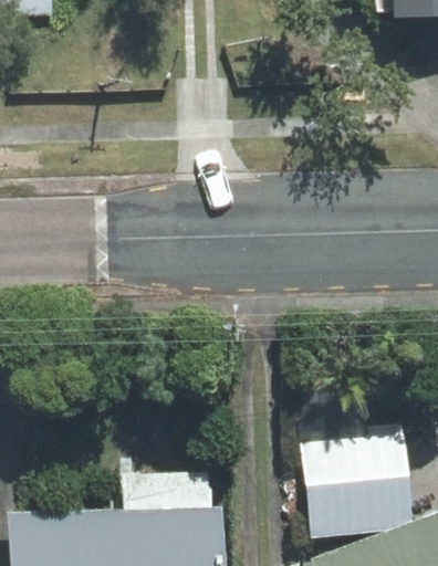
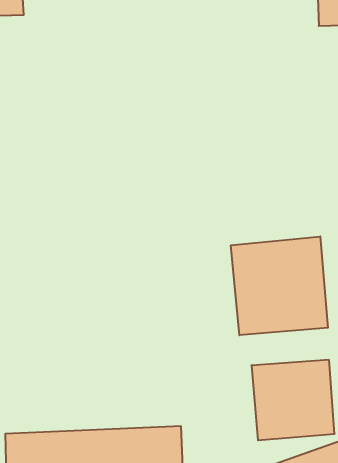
building: none -> [231,236,328,335]

